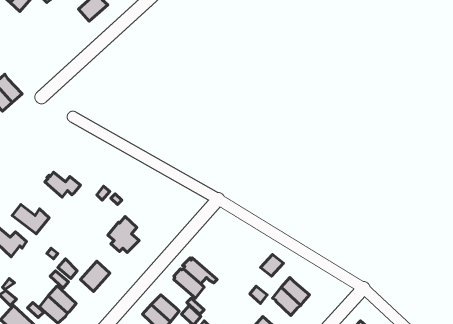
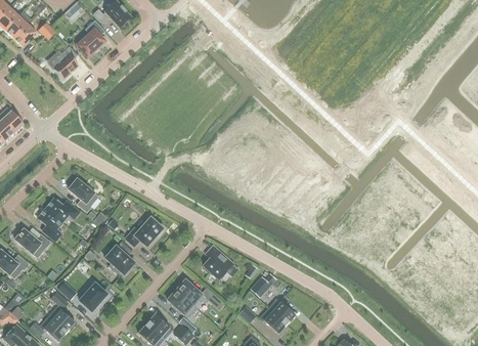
building: none -> [53,46,78,79]
building: none -> [68,179,97,212]
building: none -> [37,208,61,241]
building: none -> [124,217,162,247]
building: none -> [203,246,232,279]

